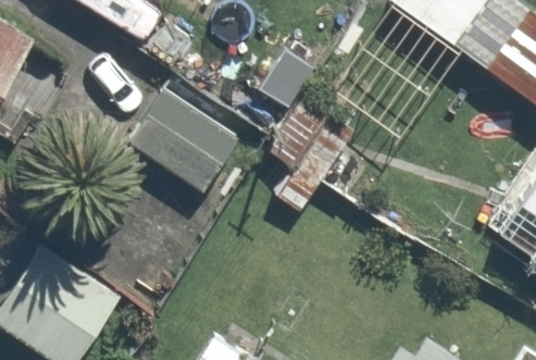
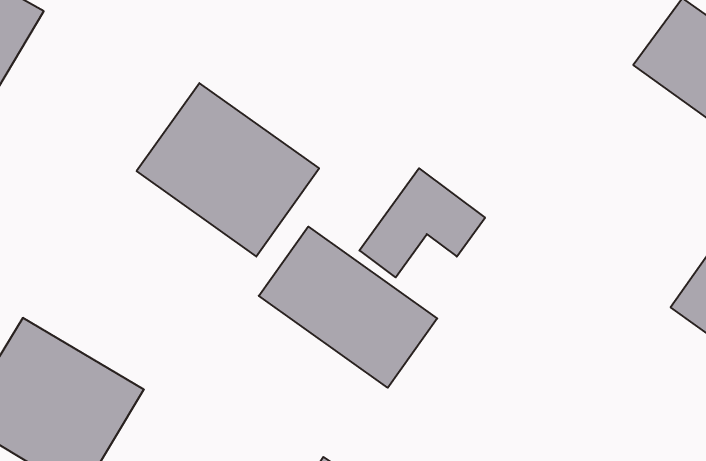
building: none -> [259,227,437,388]

